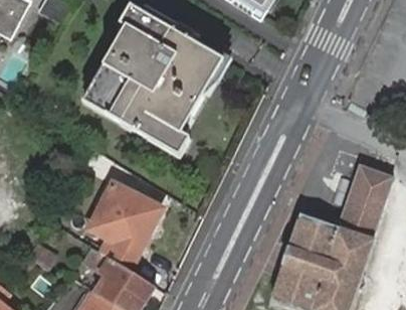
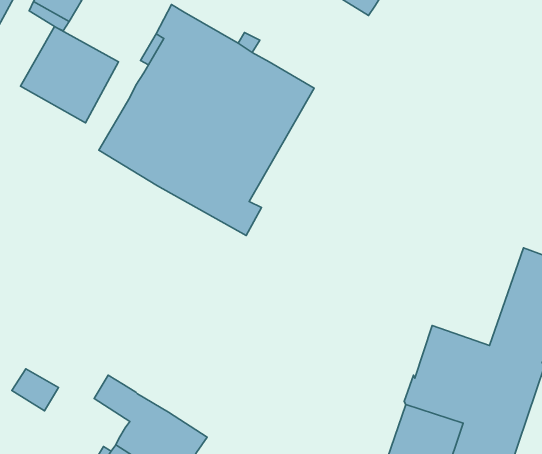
building: none -> [20,27,118,123]
building: [89,180,162,269] -> none

